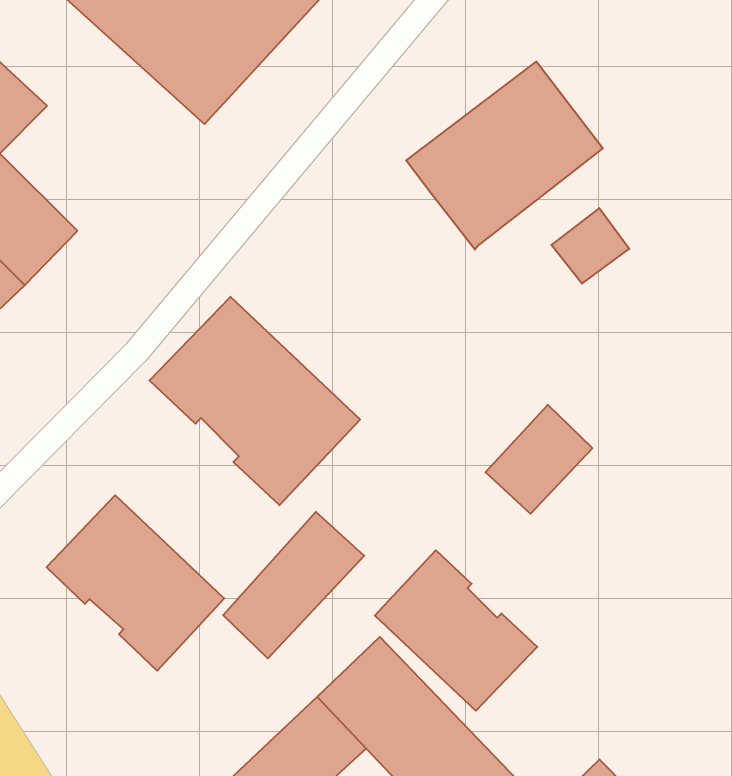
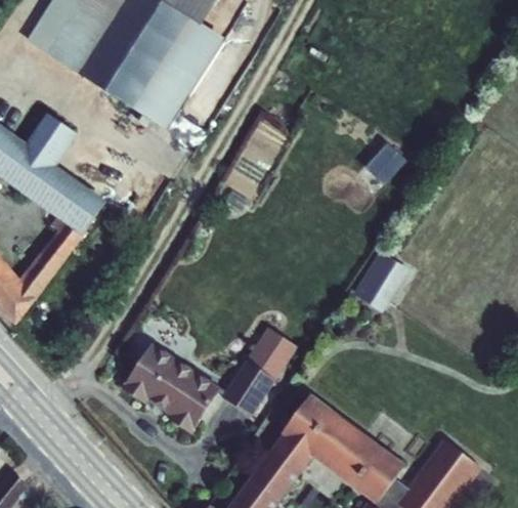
building: [406,62,603,250] -> none
building: [149,297,360,505] -> none
building: [375,550,537,711] -> none

